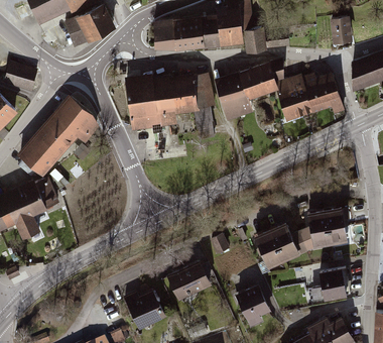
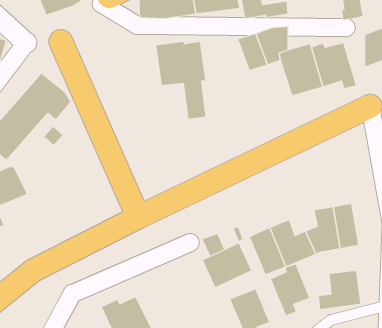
building: [216,67,255,116] -> none
building: [123,70,176,127] -> none
building: none -> [271,264,310,316]
building: [165,264,209,304] -> [202,243,252,288]

